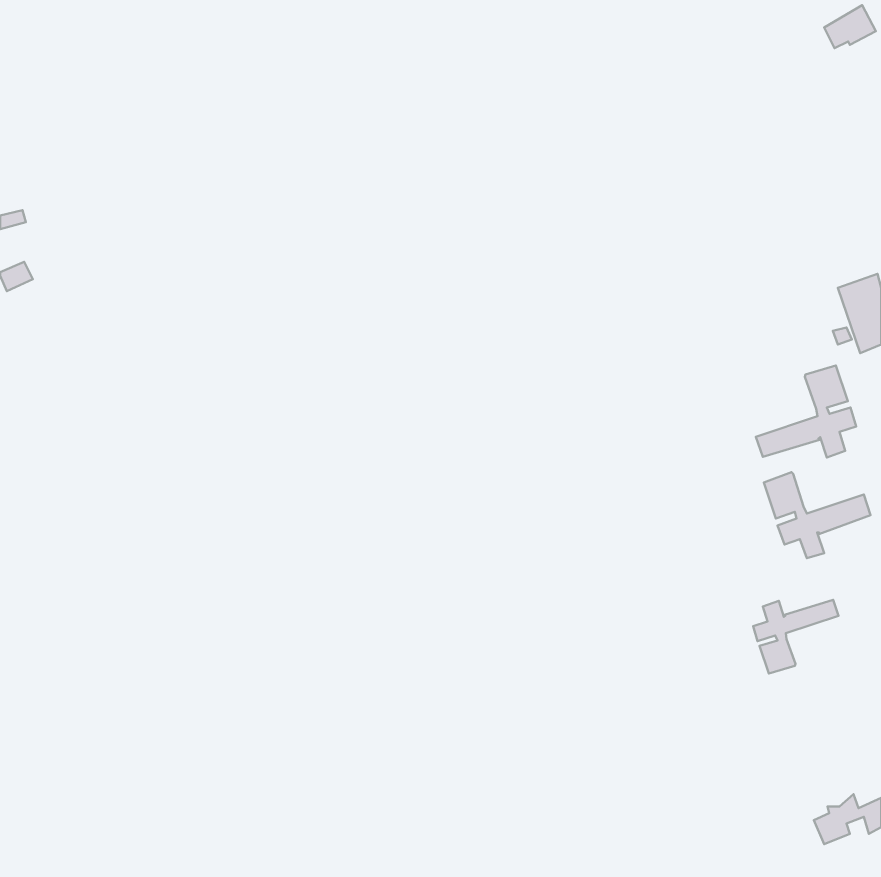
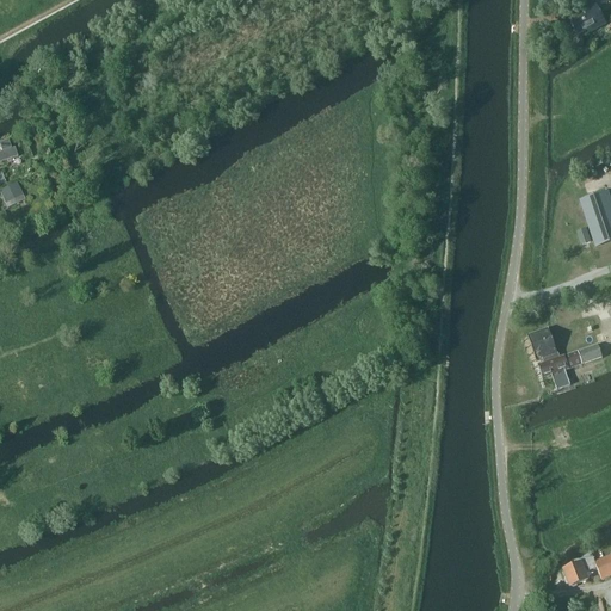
building: [756,366,856,458] -> none
building: [753,600,838,674] -> none

